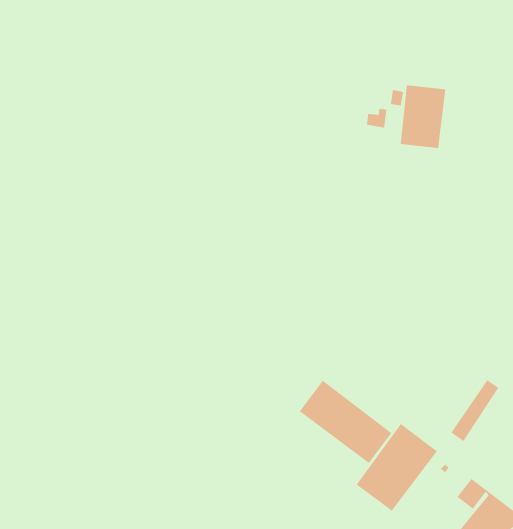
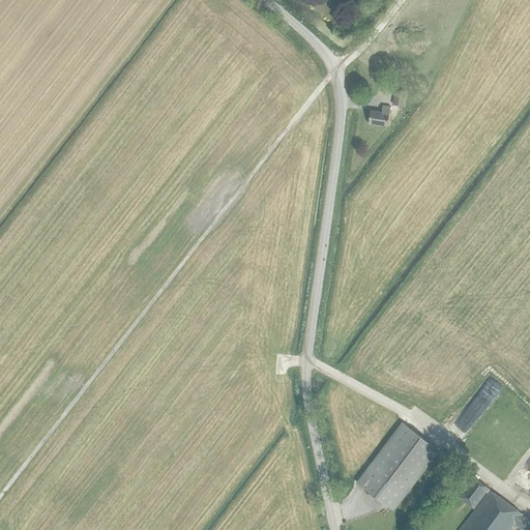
building: [400,84,446,149] -> none
building: [299,380,392,464] -> none

